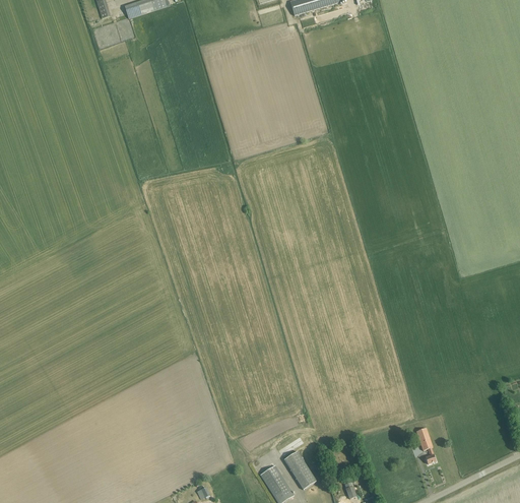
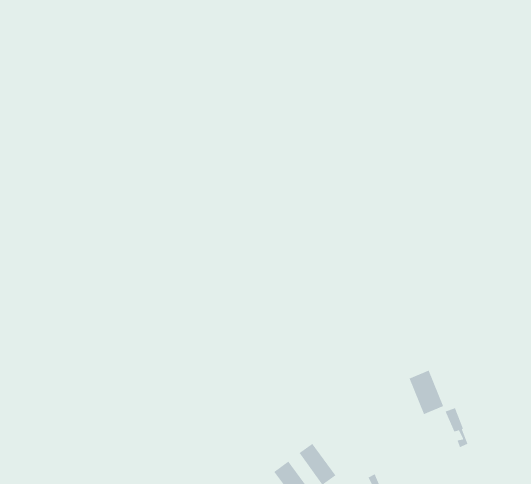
building: none -> [408,369,444,415]

